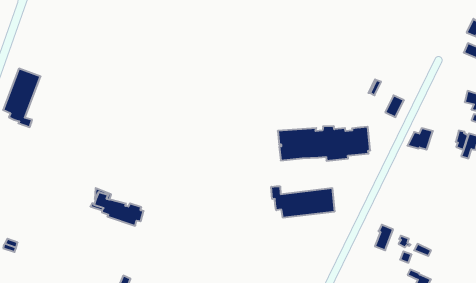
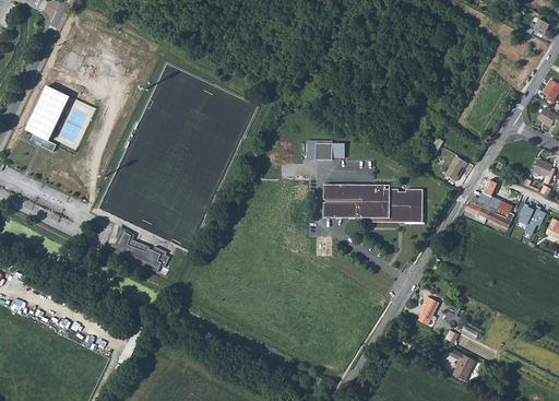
building: none -> [308,139,345,157]
building: none -> [486,200,513,229]
building: [271,186,334,218] -> none

